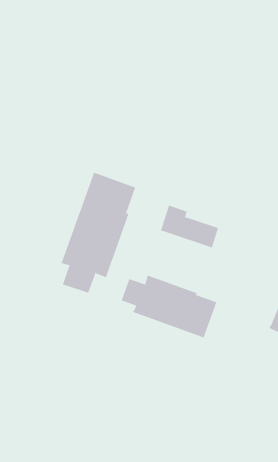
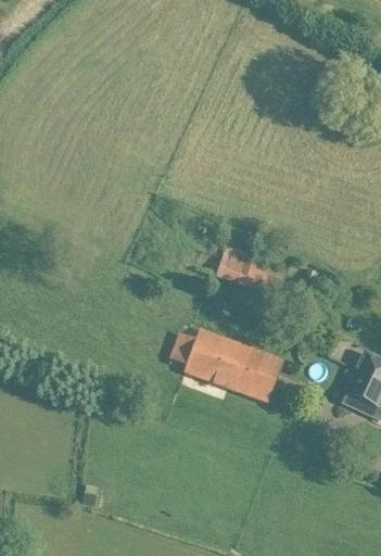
building: [61,172,136,294] -> none

